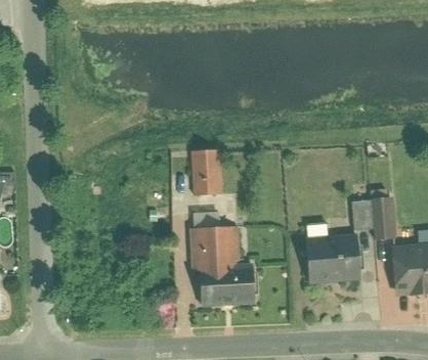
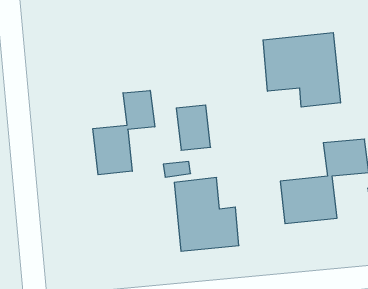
building: none -> [263,33,340,107]
building: none -> [93,90,155,175]

